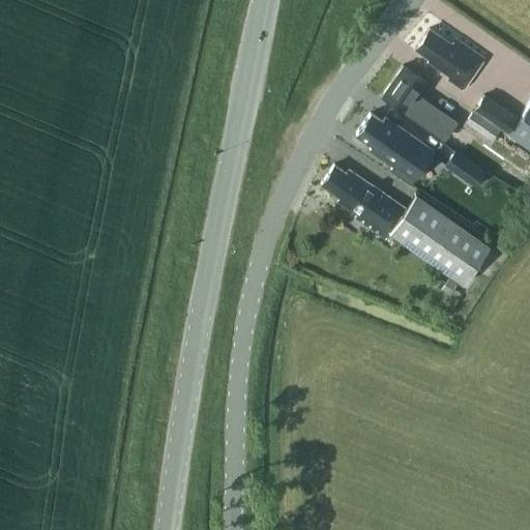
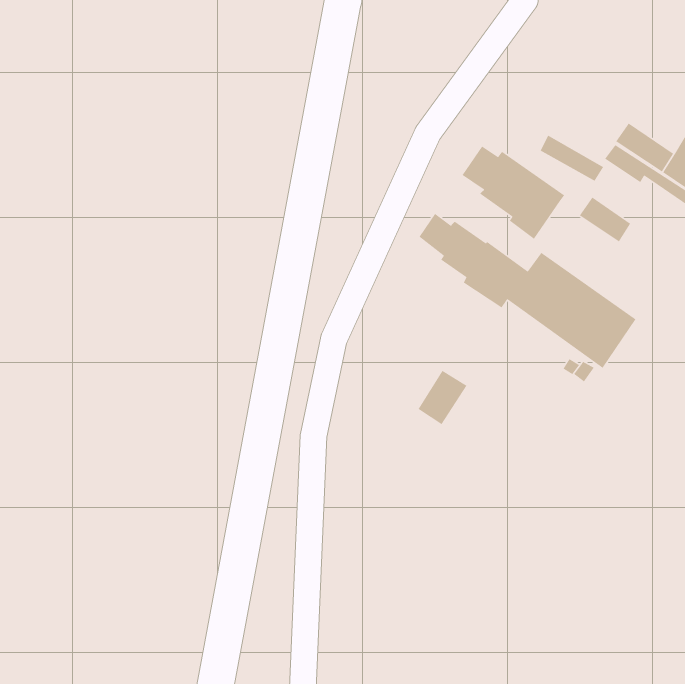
building: [418,31,487,92] -> none
building: [385,68,433,117] -> none
building: none -> [418,370,468,425]

